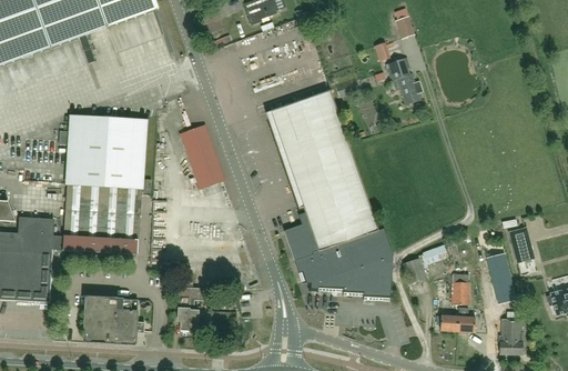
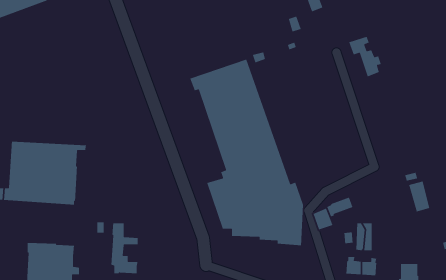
building: [384,58,422,104] -> [348,36,382,77]
building: [65,113,150,187] -> none
building: [180,124,223,188] -> none
building: [486,253,515,301] -> none

